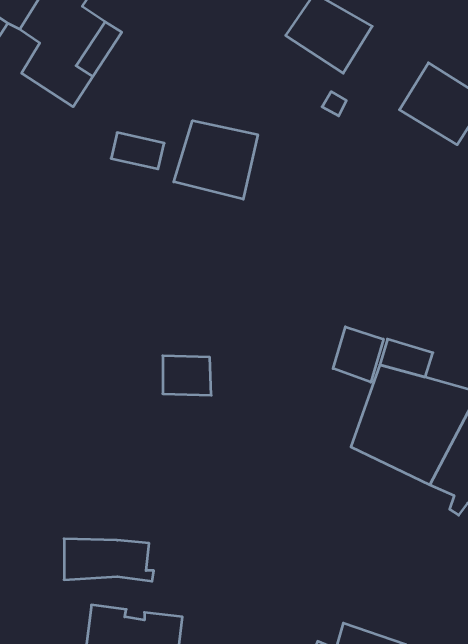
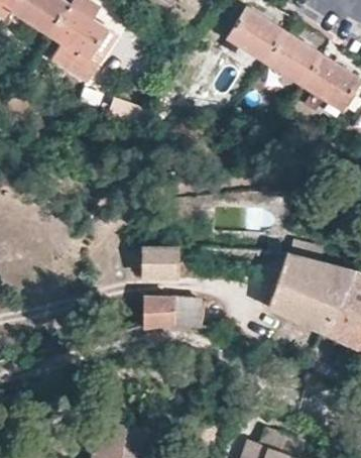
building: none -> [264,29,321,85]
building: [174,121,258,199] -> none
building: [333,327,383,382] -> none
building: [64,539,154,581] -> [143,298,203,326]

